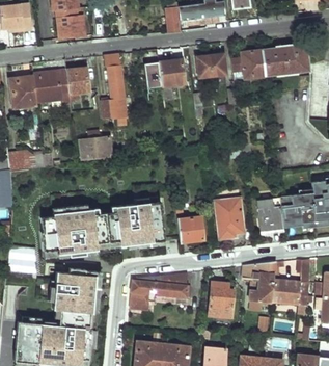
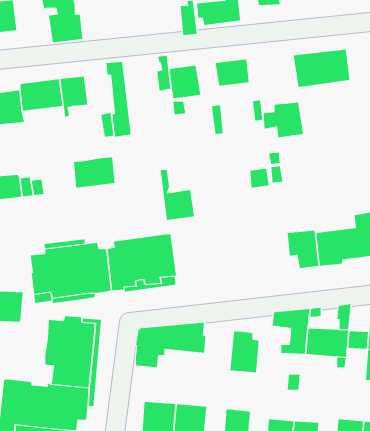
building: [230,50,265,80] -> [263,102,304,138]
building: [213,197,244,238] -> none
building: [174,199,203,241] -> [160,170,195,220]

